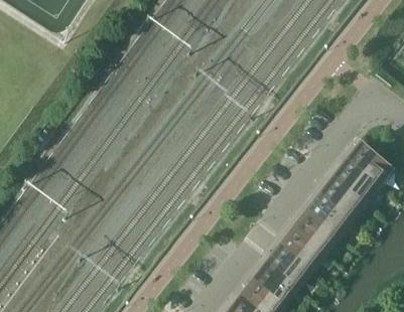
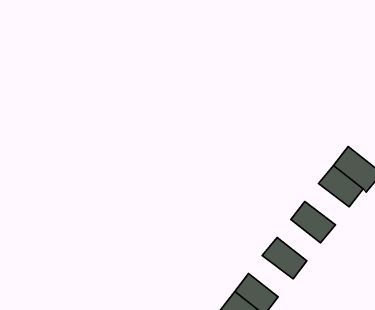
building: [319,176,362,215] -> none
building: [293,210,334,250] -> none
building: [266,245,308,284] -> none

